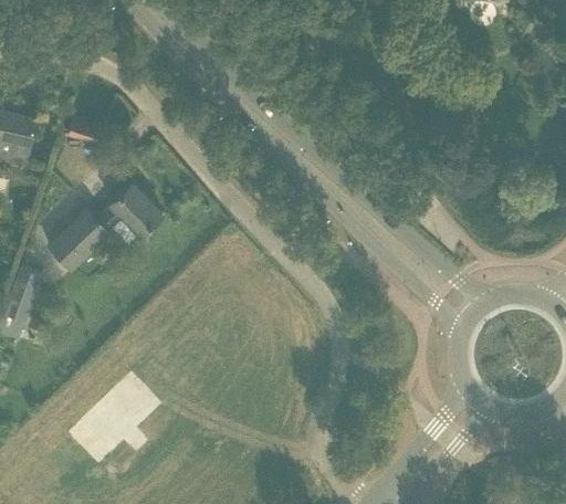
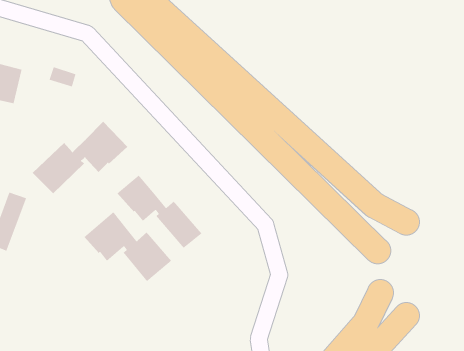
building: none -> [116,174,203,249]
building: none -> [83,211,172,282]

